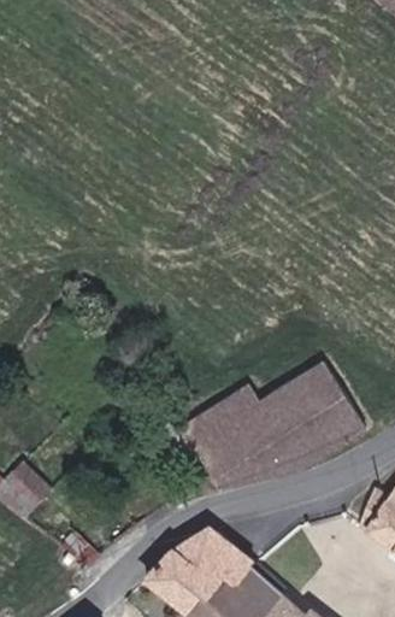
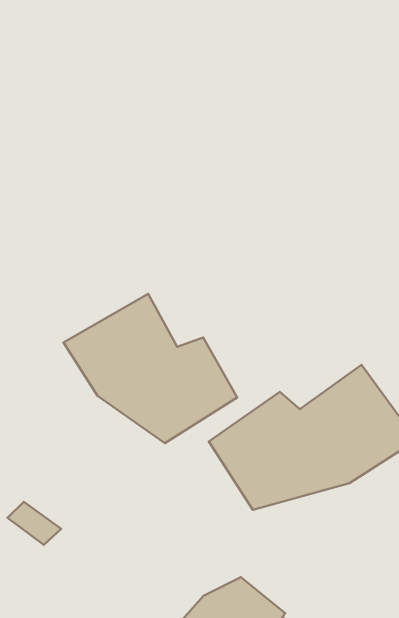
building: none -> [64,294,237,443]

